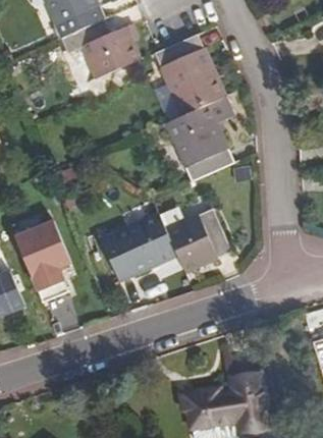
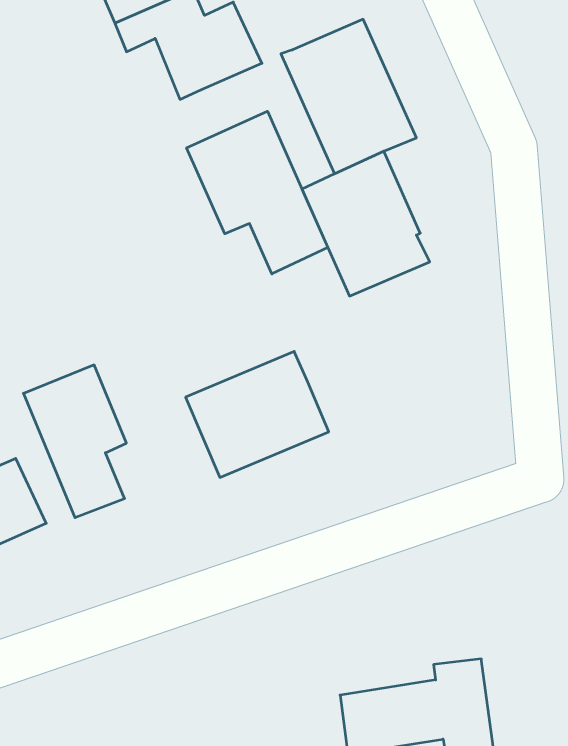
building: none -> [187,111,328,274]
building: [166,209,231,272] -> none

